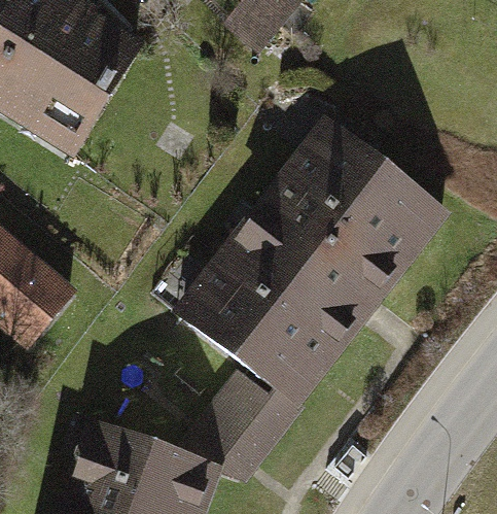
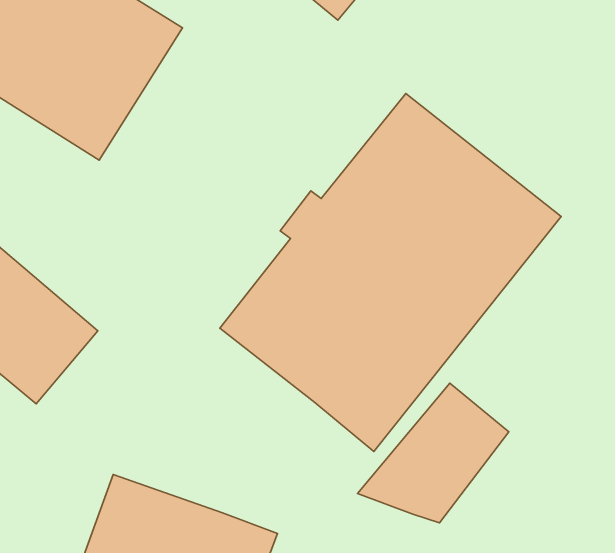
building: [179,357,300,470] -> [357,383,509,523]

